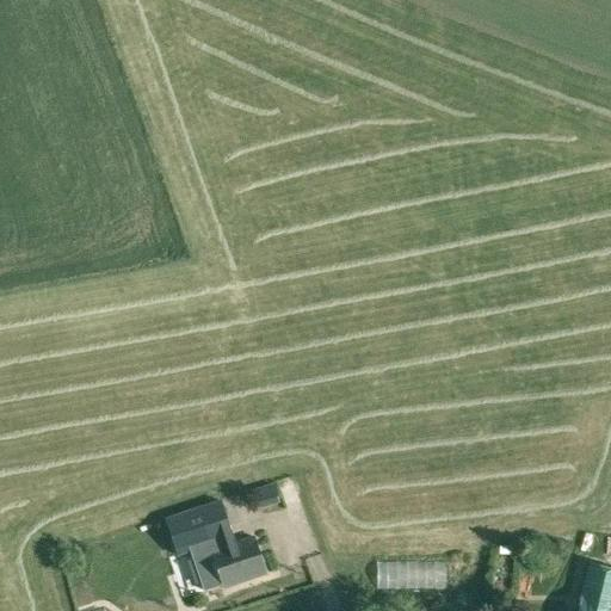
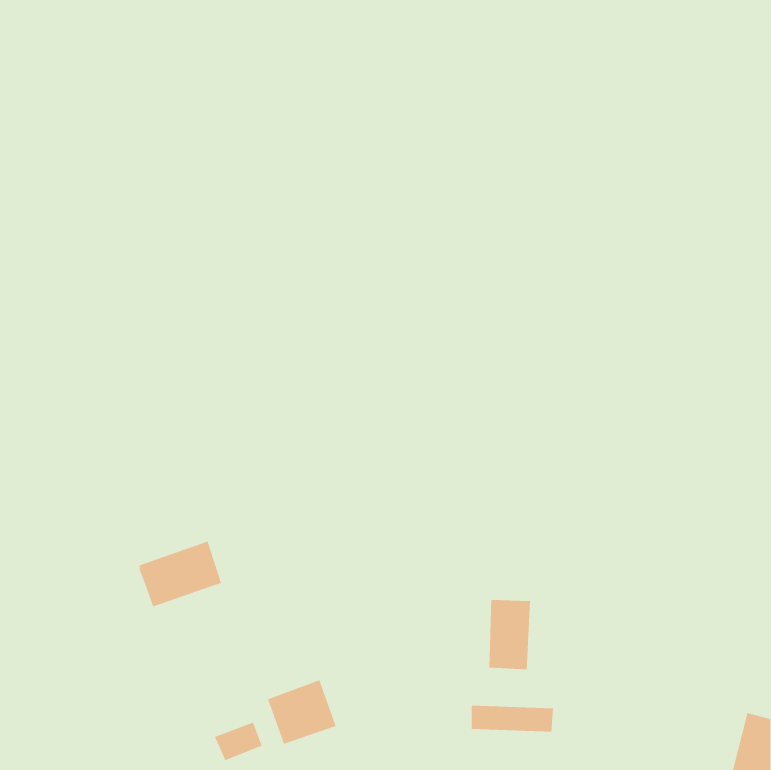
building: none -> [489,599,530,670]
building: [167,502,233,555] -> [139,541,222,607]

